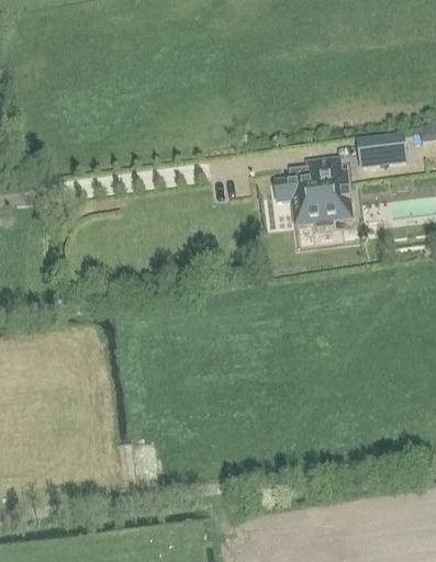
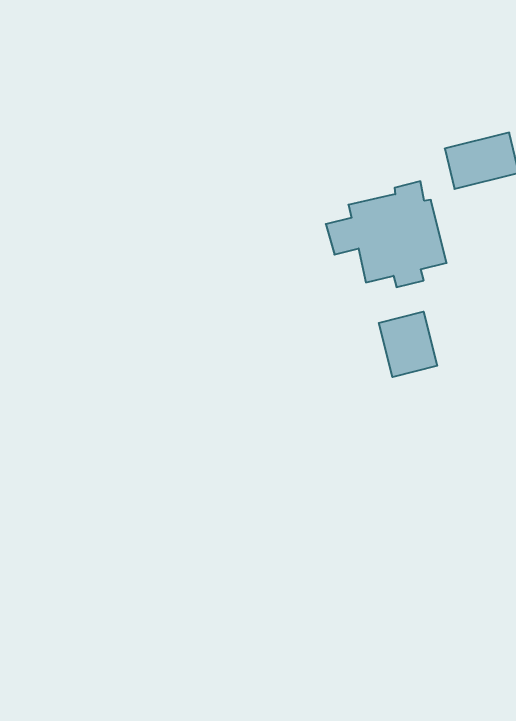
building: none -> [379,312,437,377]

